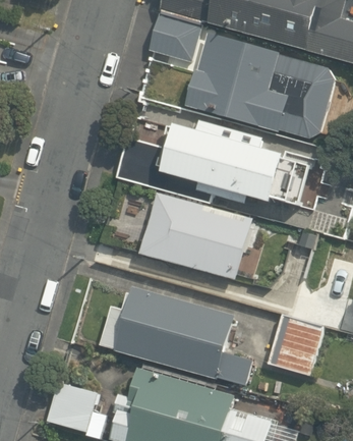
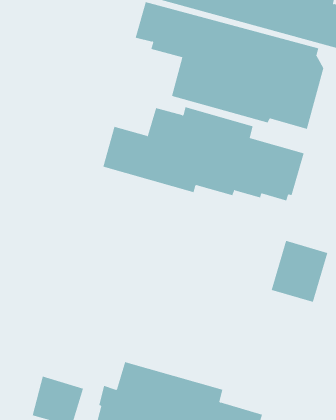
building: [138,190,250,278] -> none
building: [100,287,254,385] -> none
building: [269,315,325,376] -> [271,240,328,303]

